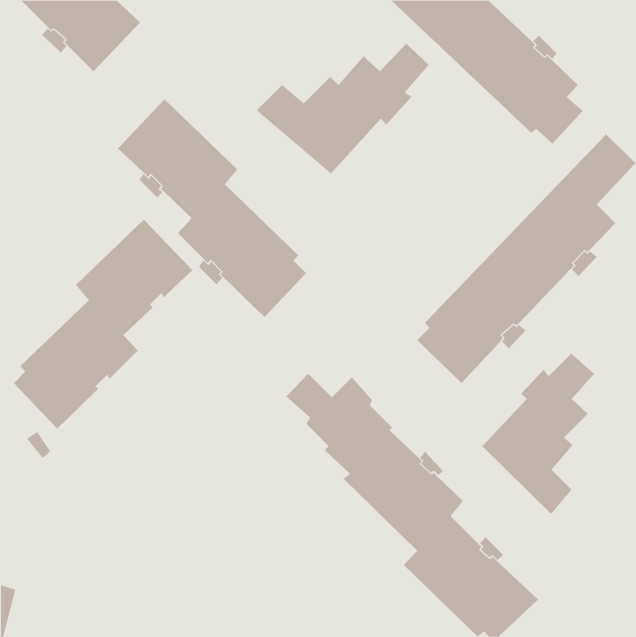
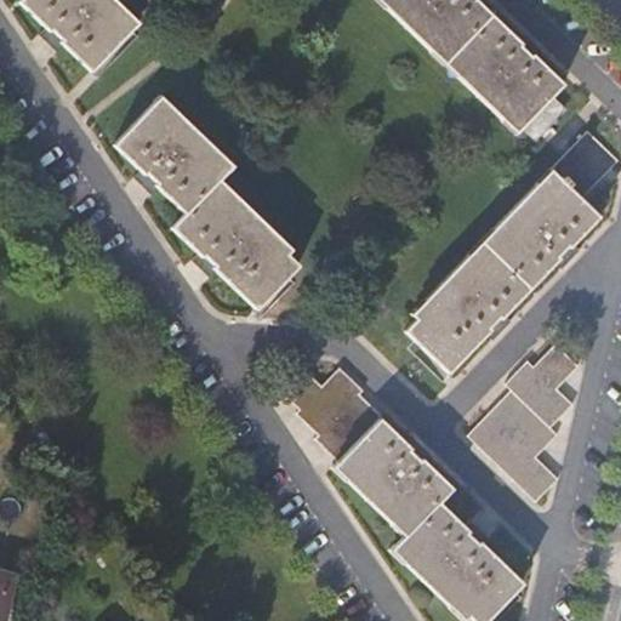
building: [256,43,429,174] -> none
building: [13,219,193,429] -> none

